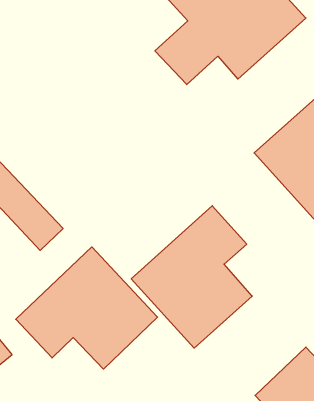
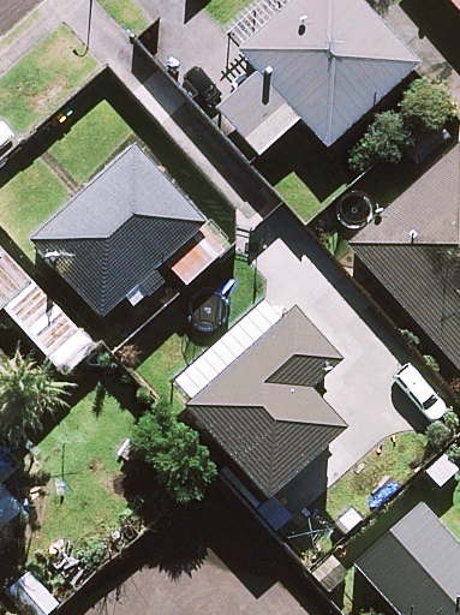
building: none -> [31,143,208,316]
building: [16,247,158,369] -> none

